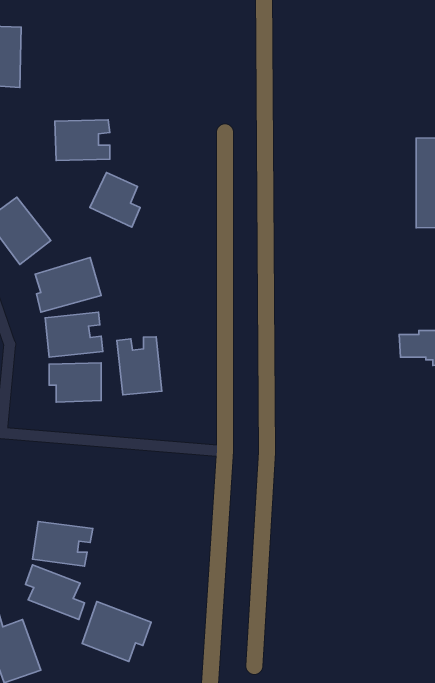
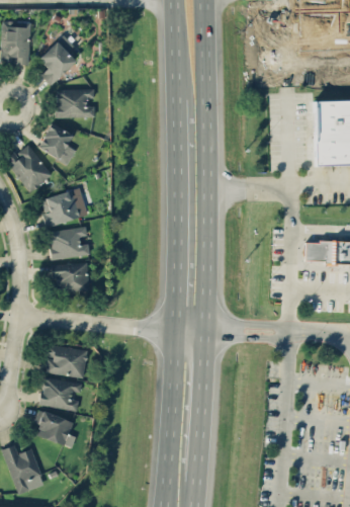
building: none -> [40,34,78,85]
building: [90,172,140,227] -> [39,123,76,163]
building: [117,337,162,395] -> none
building: none -> [47,344,89,378]
building: [82,601,151,661] -> none

